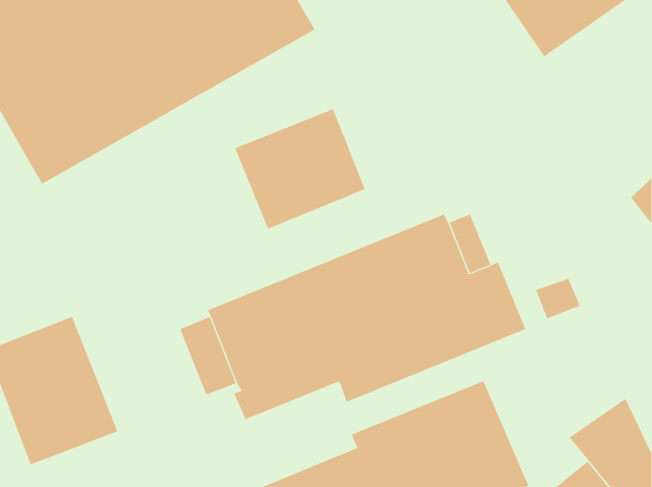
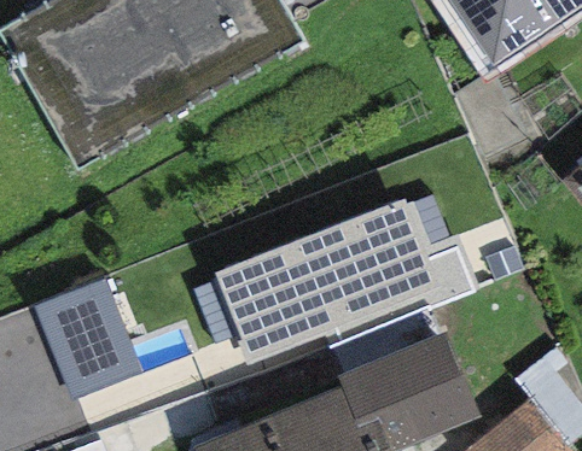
building: [234,109,365,230] -> none

